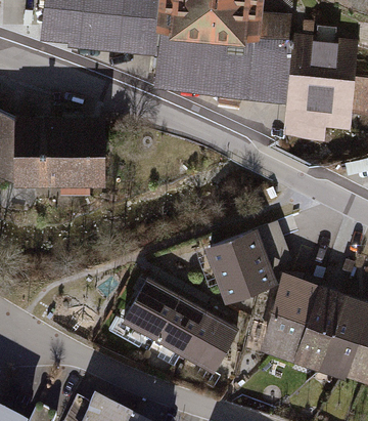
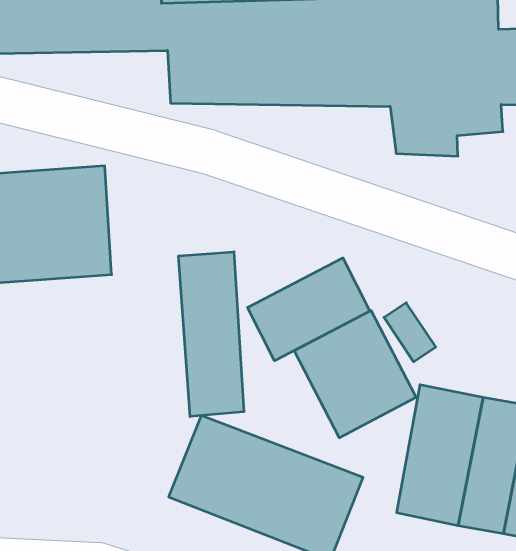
building: none -> [179,252,244,417]
building: none -> [248,258,370,361]

